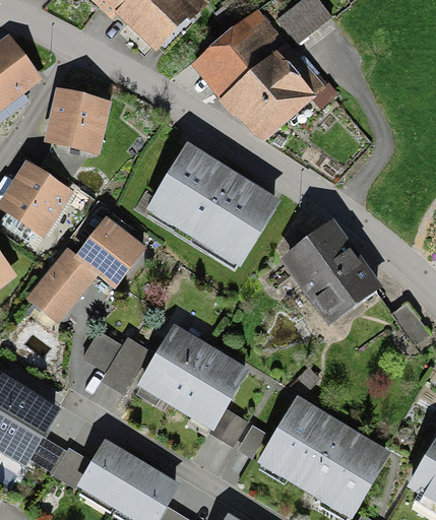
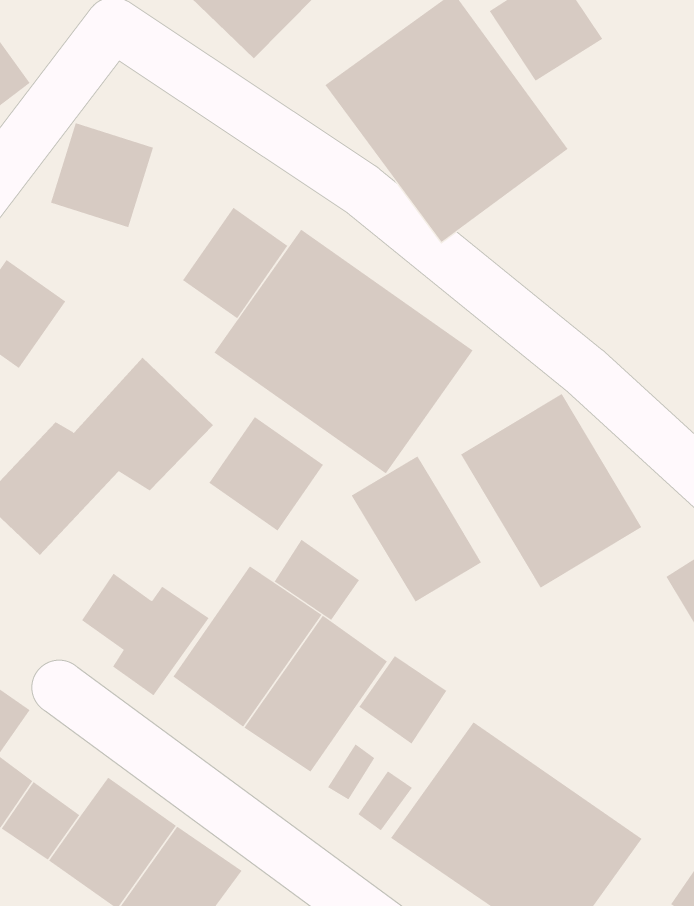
building: none -> [182,207,288,319]
building: none -> [209,416,324,532]
building: none -> [351,455,482,602]
building: none -> [274,539,360,621]
building: none -> [359,655,447,744]

